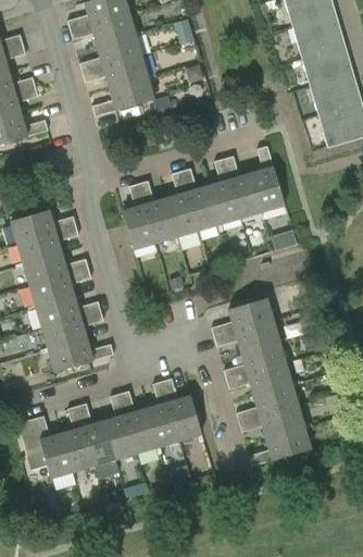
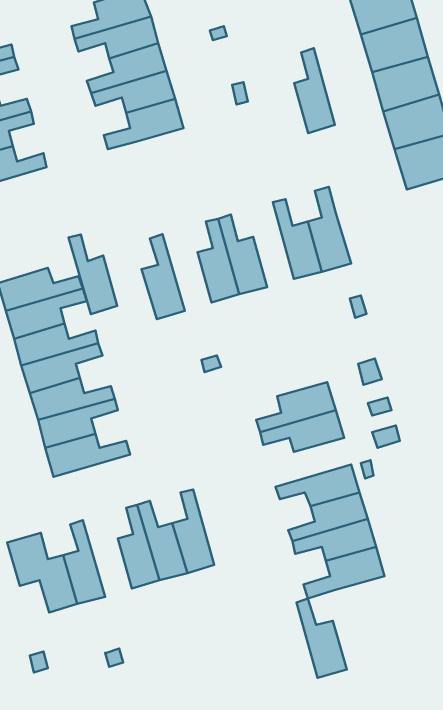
building: [209,158,240,224] -> [294,48,335,133]
building: [138,181,176,243] -> [68,235,117,314]
building: [224,342,285,380] -> none
building: [162,379,201,441] -> [297,598,347,678]
building: [76,404,114,466] -> none

